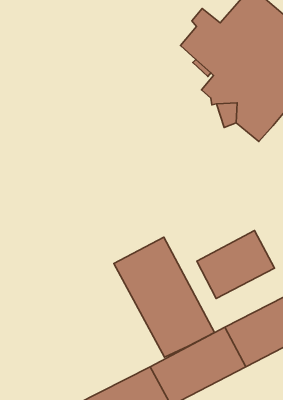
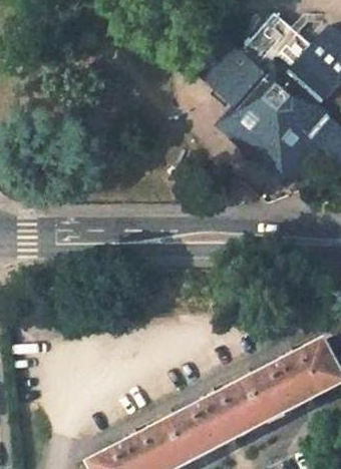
building: [197,230,275,298] -> none
building: [114,237,215,357] -> none

